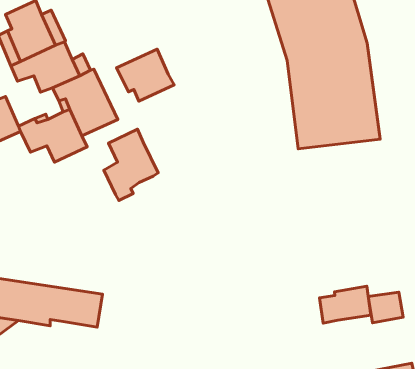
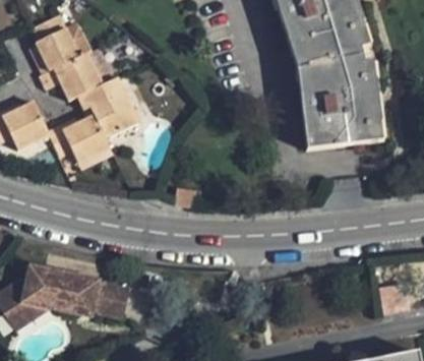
building: [117,49,174,101] -> none
building: [104,129,158,201] -> none
building: [320,286,371,323] -> none

